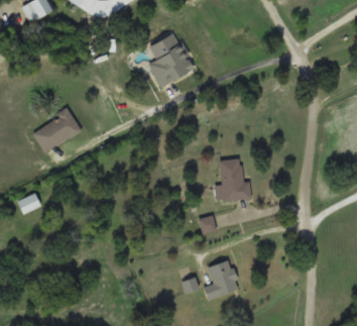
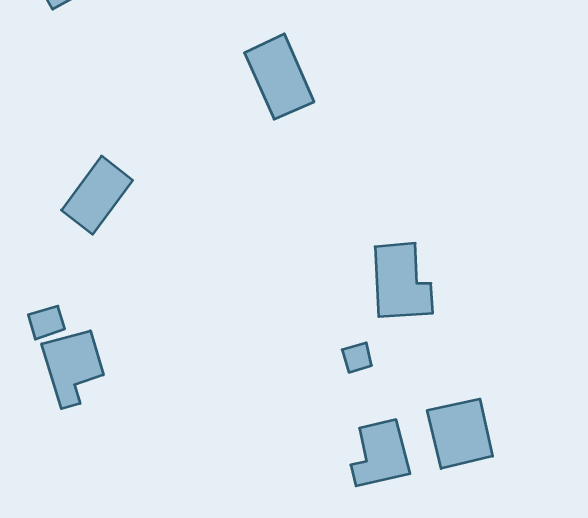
building: none -> [42,331,103,409]
building: none -> [427,399,493,469]

